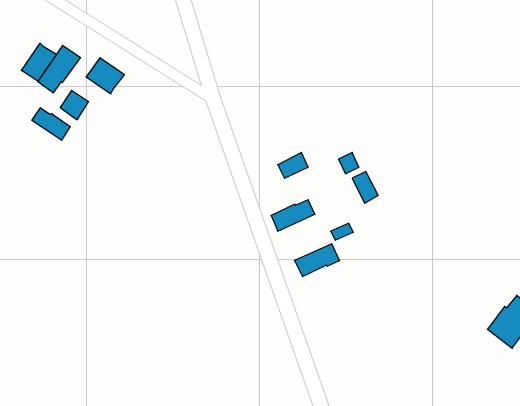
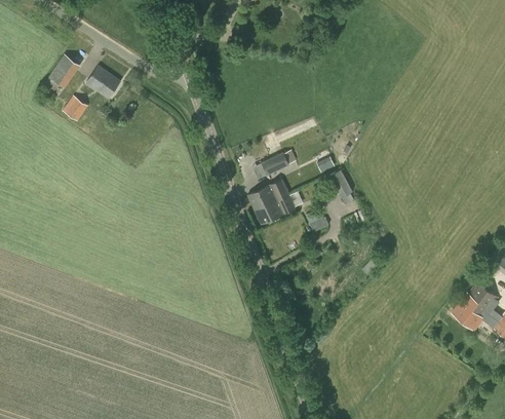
building: [21,43,57,81] -> none
building: [32,108,70,140] -> none
building: [294,244,340,276] -> [247,180,288,209]

